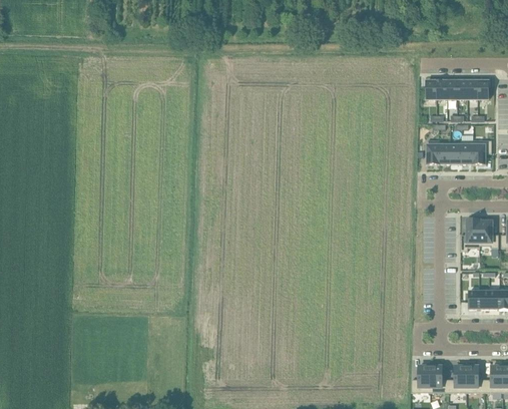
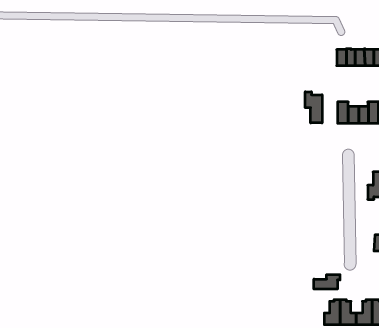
building: none -> [305,92,322,123]
building: none -> [314,275,340,289]

